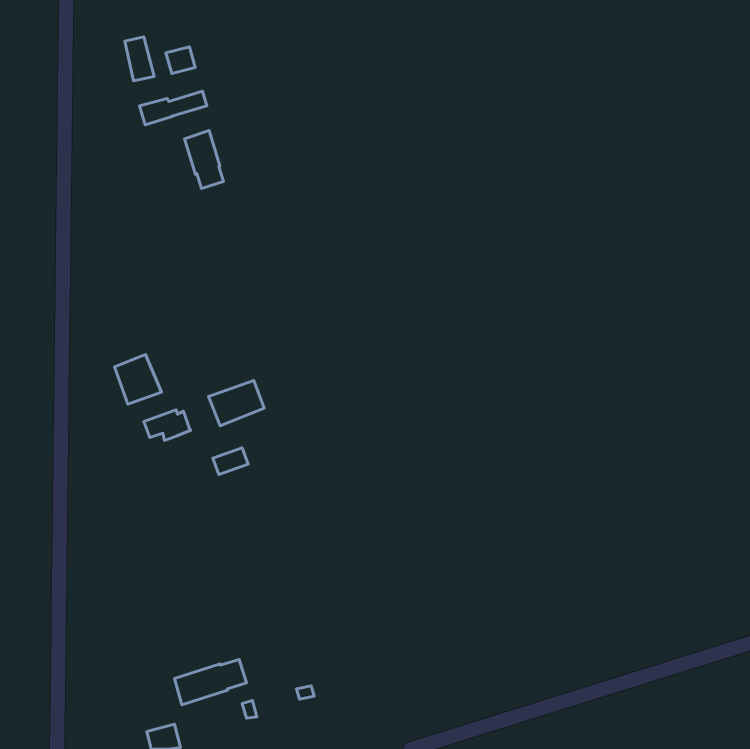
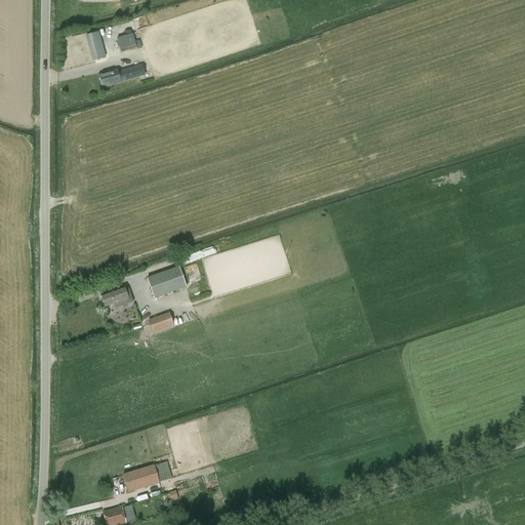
building: [185,130,224,188] -> none
building: [114,355,161,404] -> none

